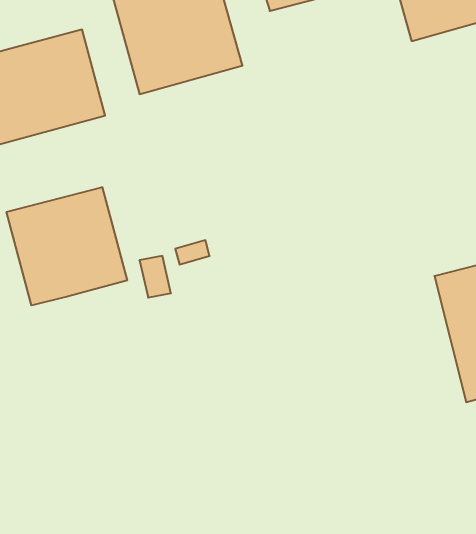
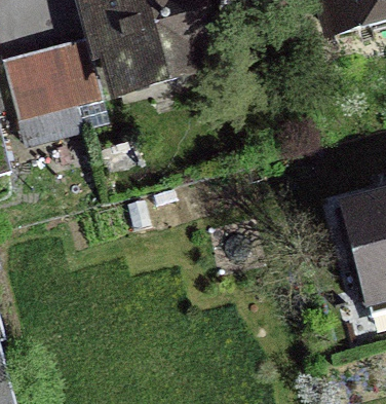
building: [7,187,127,305] -> none

